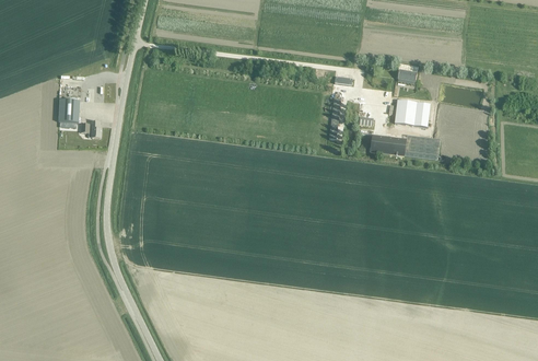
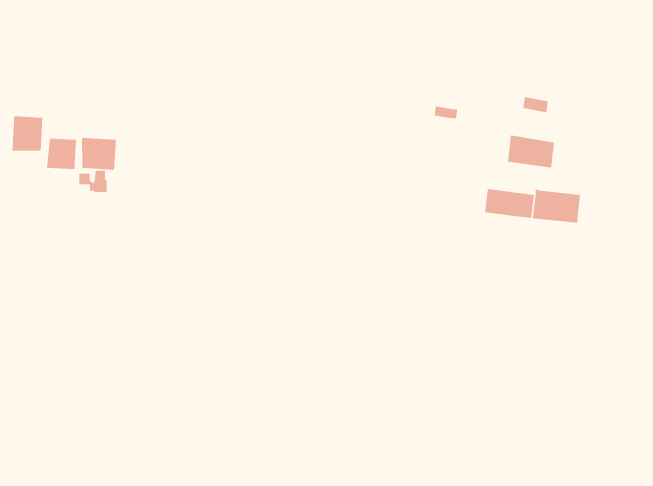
building: none -> [12,116,43,152]
building: none -> [81,137,117,170]

